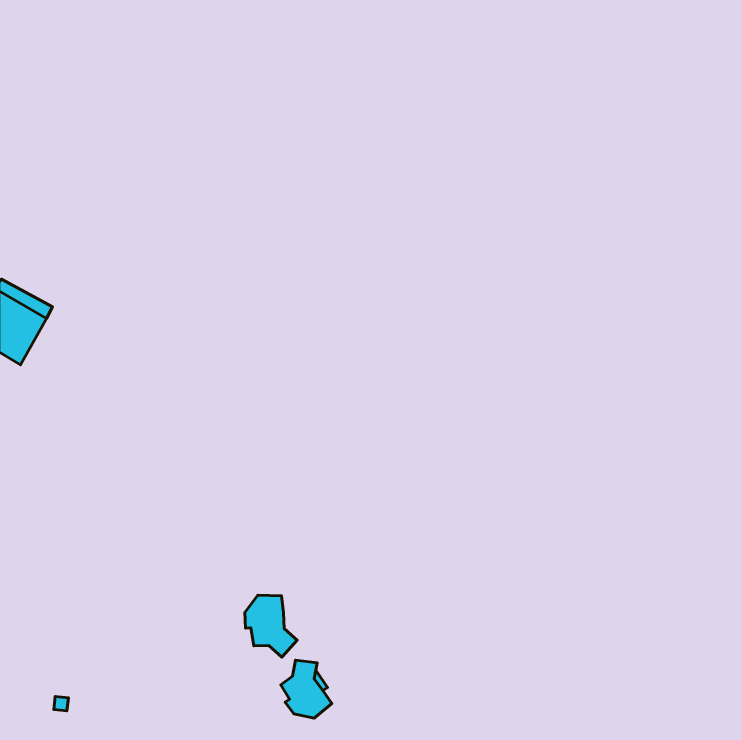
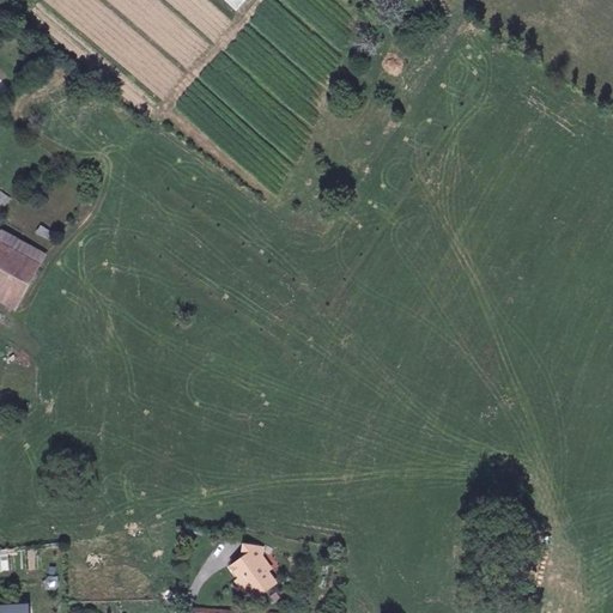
building: [245,595,297,657] -> none

